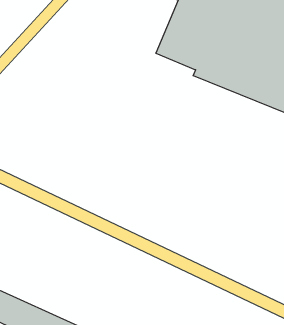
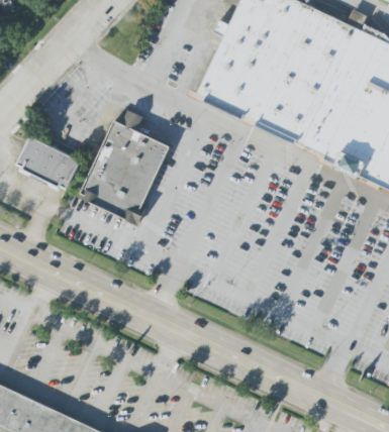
building: none -> [78,120,170,225]
building: none -> [15,134,81,190]

